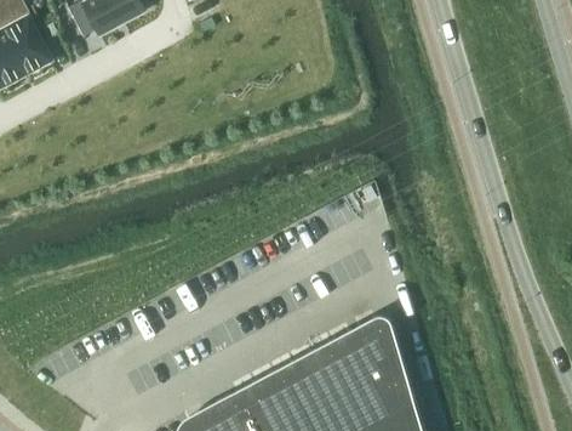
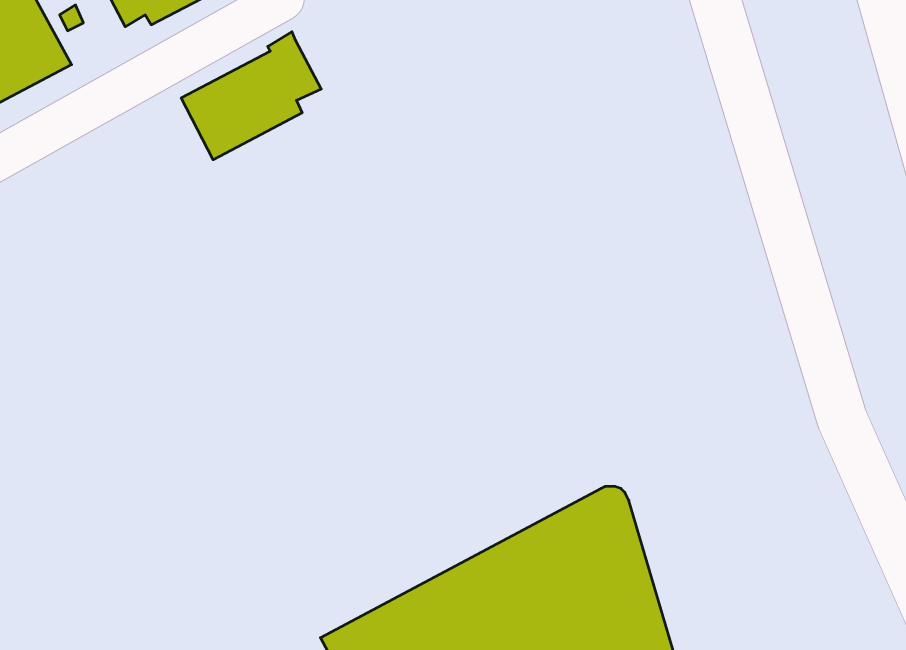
building: none -> [181,32,321,160]

